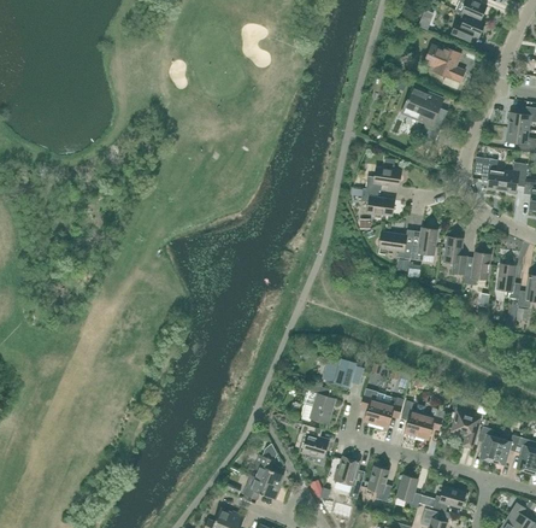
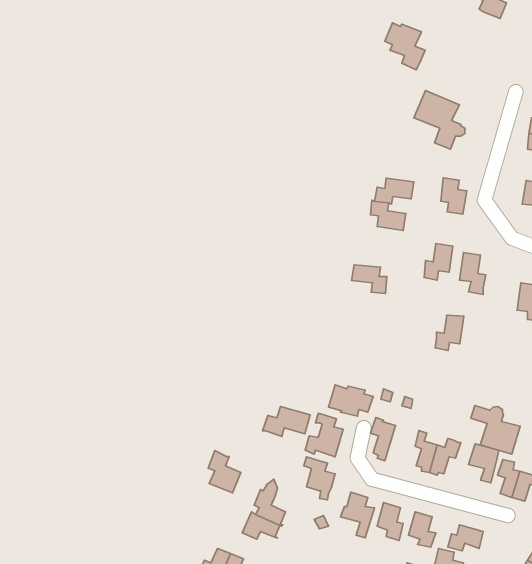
building: [450,14,485,41] -> none
building: [428,46,465,89] -> [385,23,425,70]
building: [481,158,505,192] -> [441,178,467,214]
building: [379,233,412,259] -> [352,265,387,293]
building: [464,253,490,286] -> [435,315,464,350]
building: none -> [471,405,520,454]
building: none -> [262,406,310,436]
building: [375,394,404,430] -> none
building: none -> [208,451,241,493]

